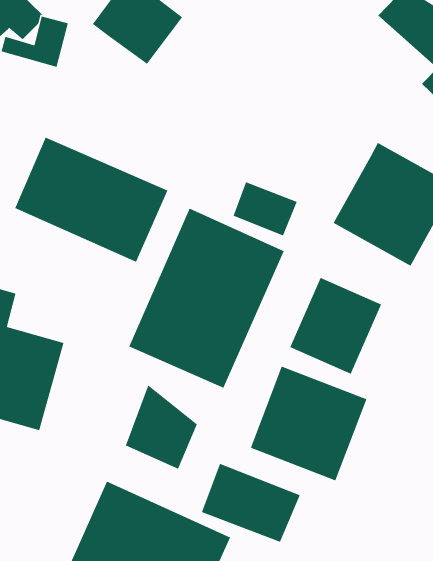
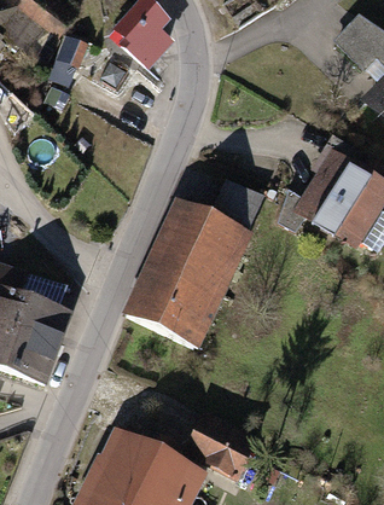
building: [14,137,168,263] -> none
building: [289,277,382,375] -> none
building: [250,366,368,482] -> none
building: [125,384,198,470] -> none

